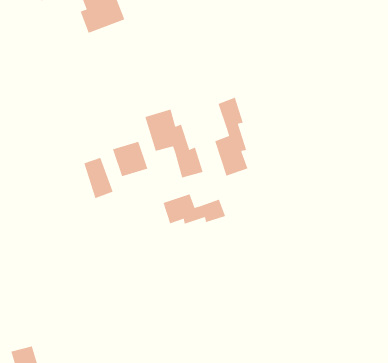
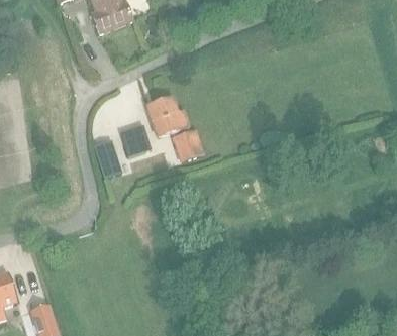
building: [214,97,248,176] -> none
building: [163,193,226,224] -> none

